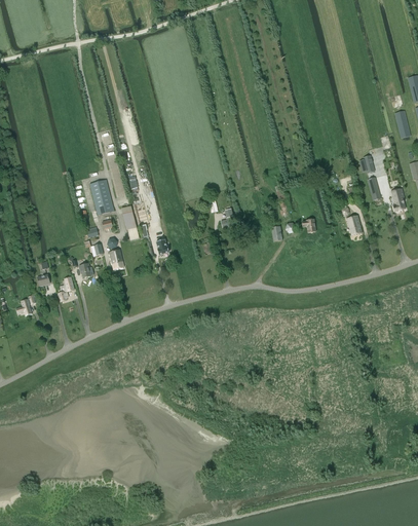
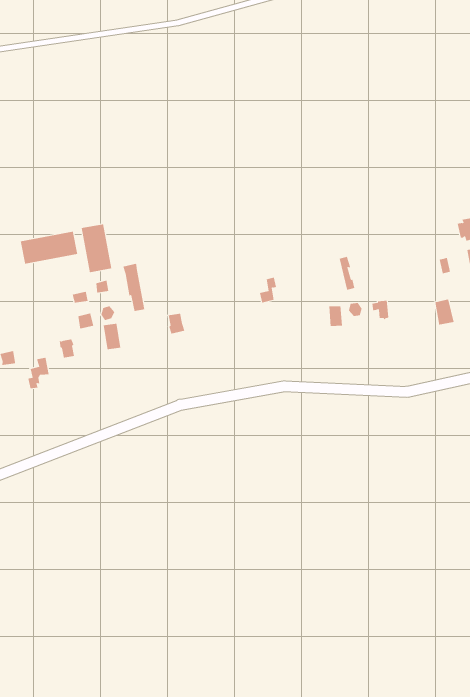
building: none -> [20,231,78,264]

